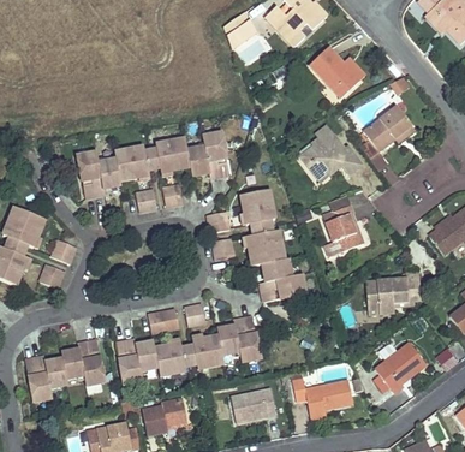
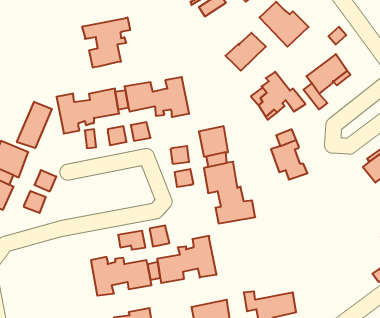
building: none -> [82,17,130,68]
building: none -> [225,33,266,71]
building: none -> [17,102,52,148]
building: [366,272,422,313] -> none
building: [25,340,105,402] -> none
building: [364,341,429,400] -> none

